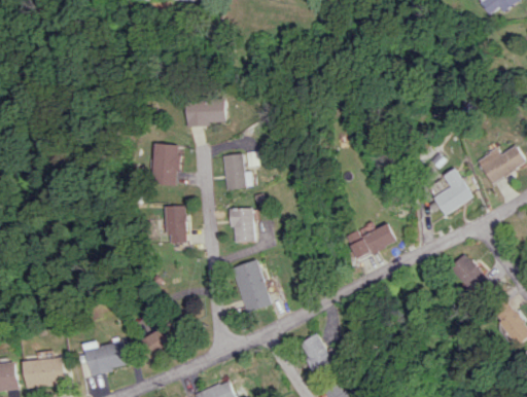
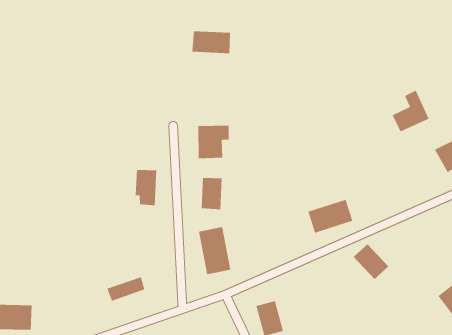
building: [185,102,226,125] -> [191,31,231,54]
building: [148,144,179,185] -> none
building: [433,169,473,215] -> [392,90,429,132]
building: [450,255,489,293] -> [353,243,389,280]
building: [78,342,127,375] -> none

